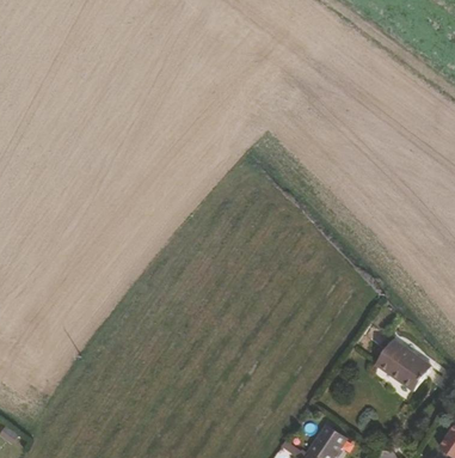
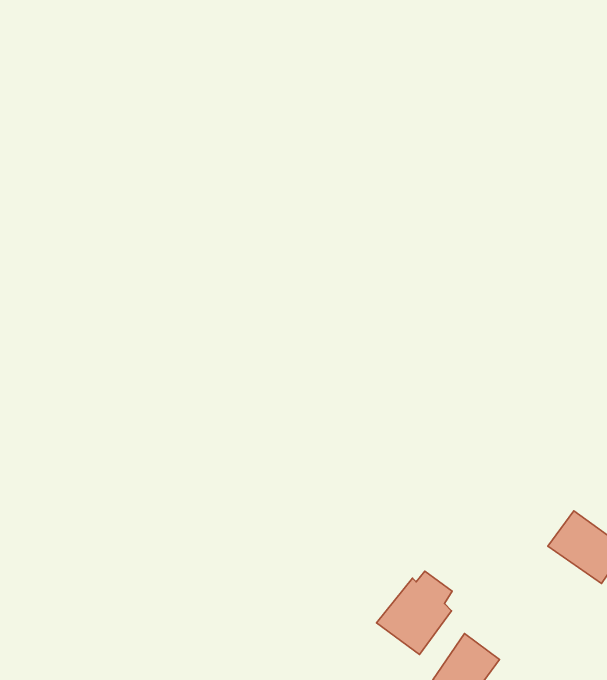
building: none -> [377,571,452,654]

